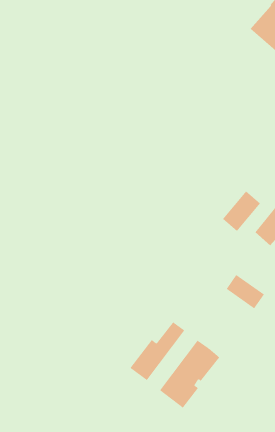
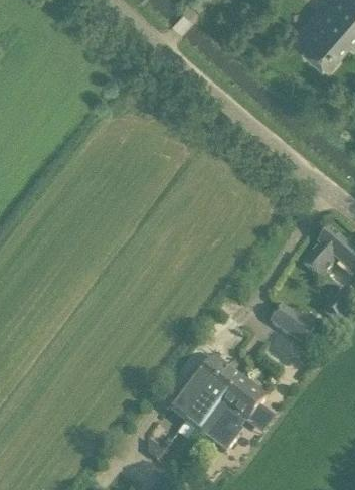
building: [222,191,261,232] -> none
building: none -> [187,366,241,431]

